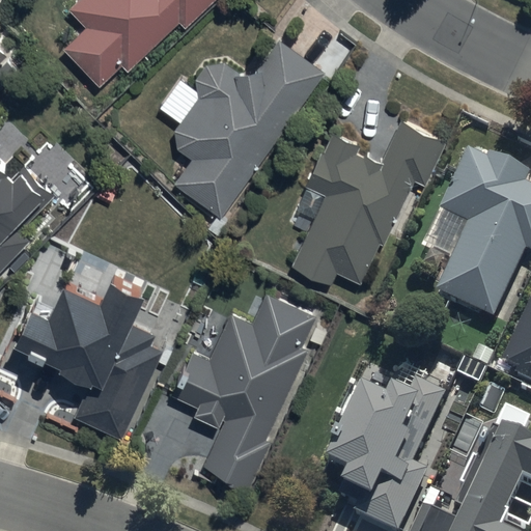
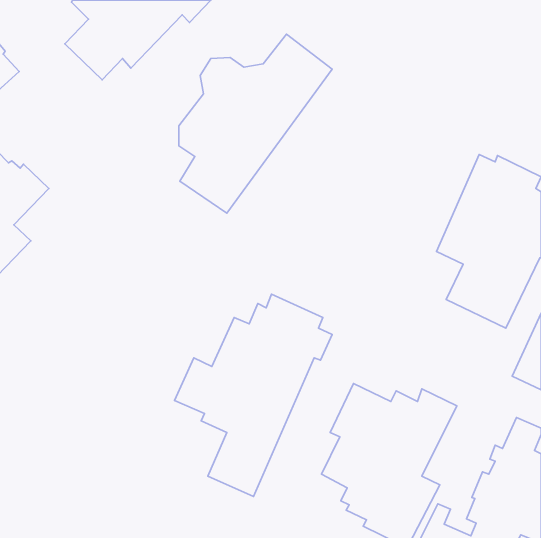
building: [291,118,447,283] -> none
building: [16,256,162,440] -> none

